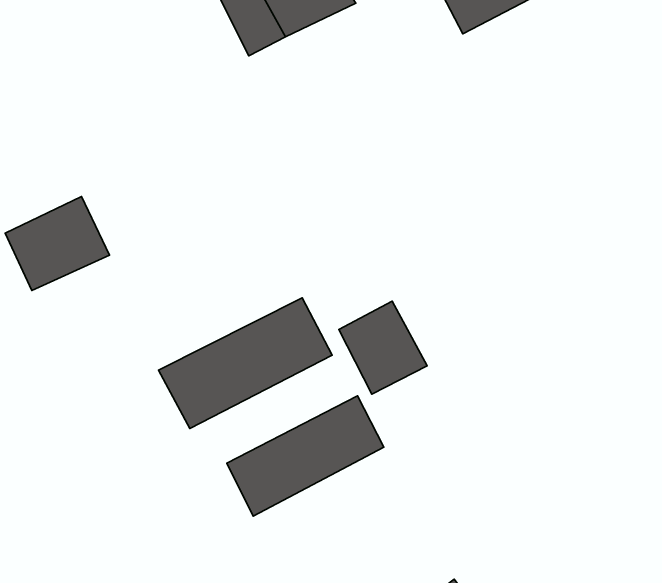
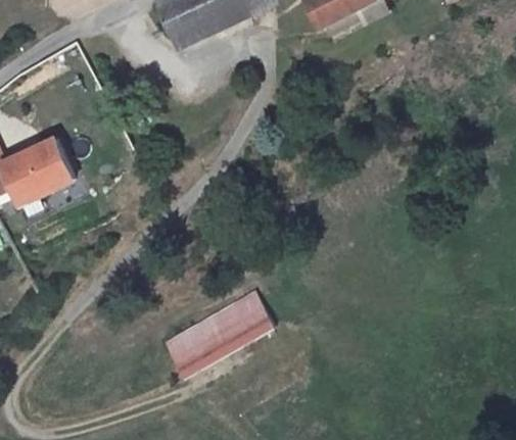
building: [159,298,332,429] -> none
building: [339,301,427,394] -> none

